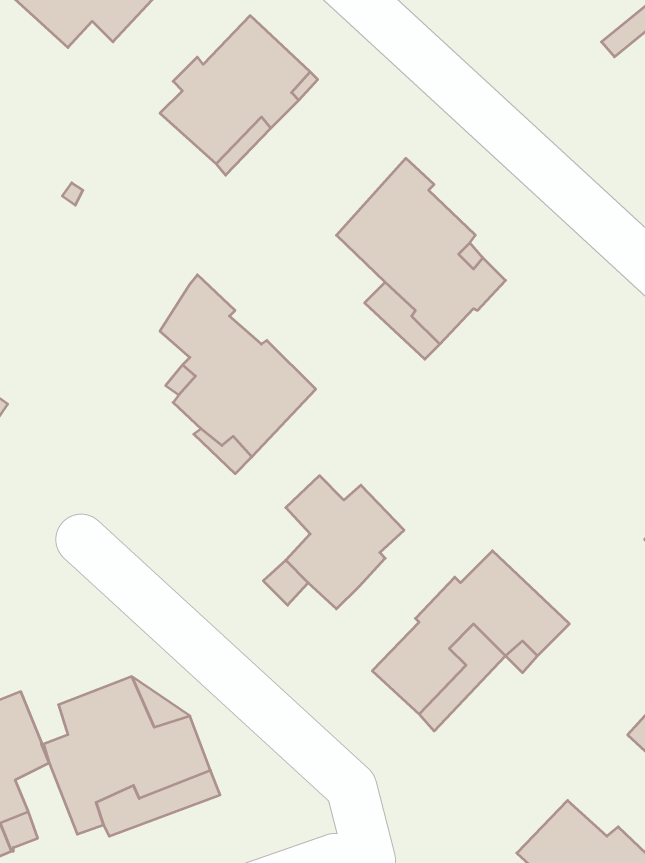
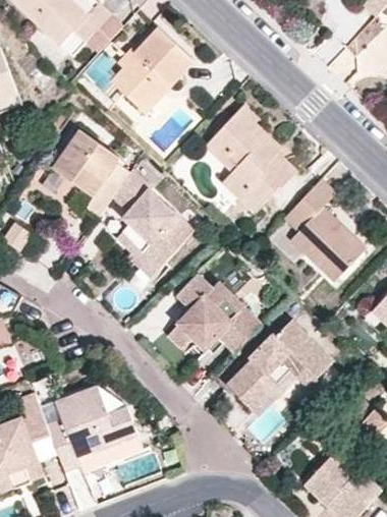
building: none -> [46,130,126,219]
building: none -> [283,179,368,282]
building: none -> [218,306,262,353]

